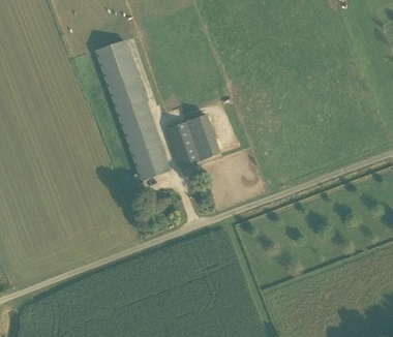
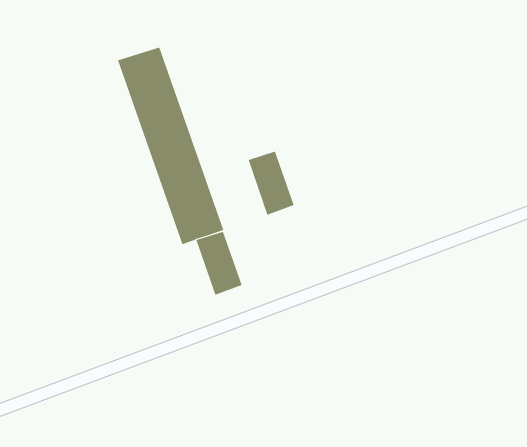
building: [167,121,200,166] -> [196,231,243,296]

